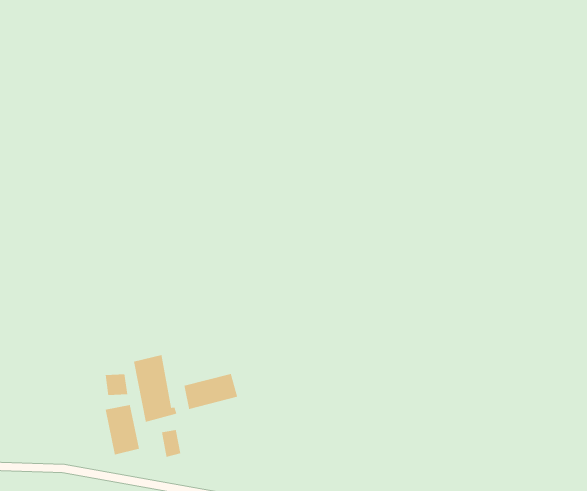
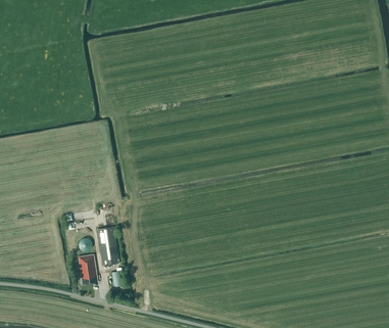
building: [184,373,238,410] -> none

